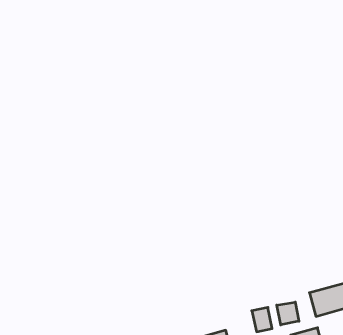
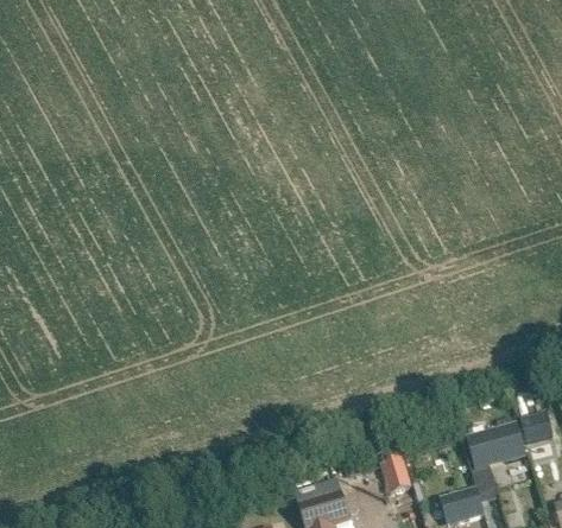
building: [277,302,299,325] -> none

